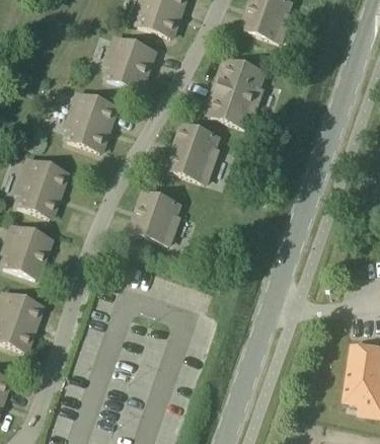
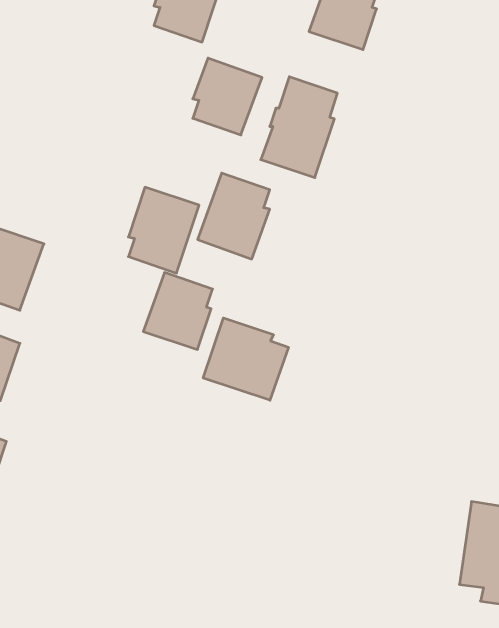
building: [107,36,154,88] -> [193,58,262,135]
building: [68,92,116,150] -> [128,187,199,273]
building: none -> [203,318,288,400]

